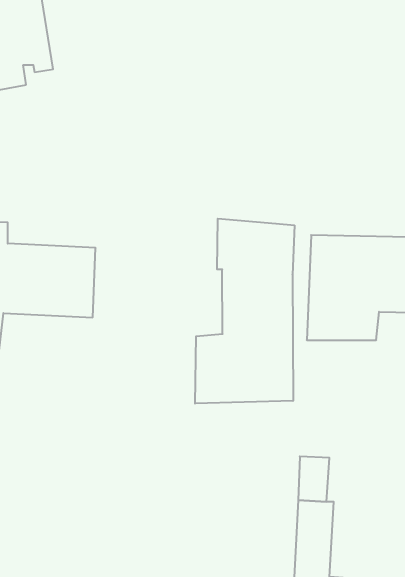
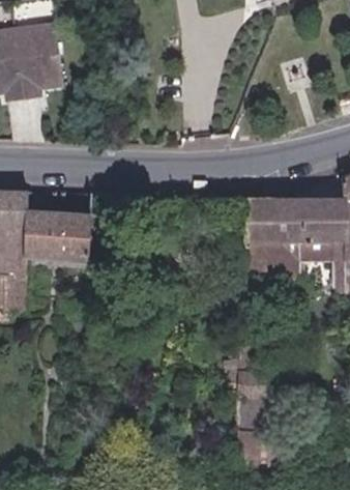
building: [195,219,294,404] -> none

